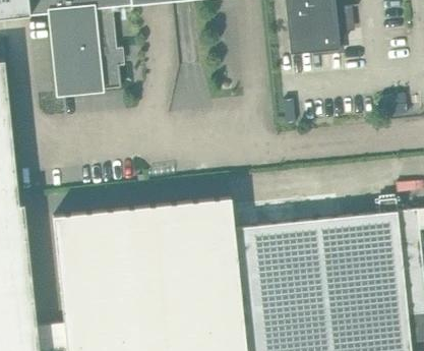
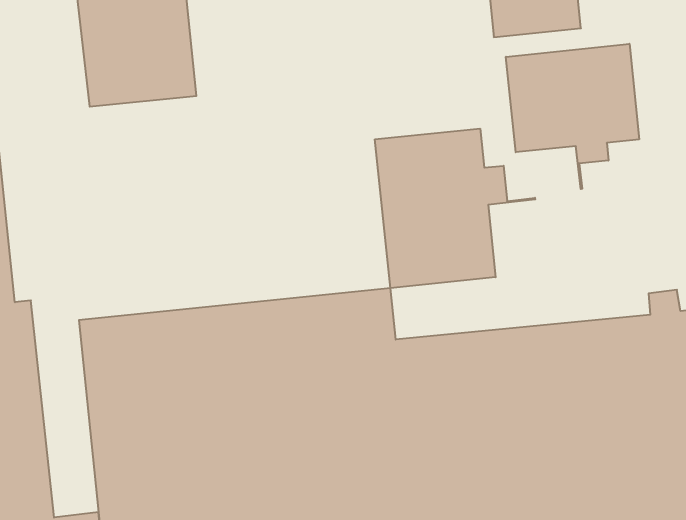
building: none -> [506,44,639,189]
building: none -> [375,129,535,288]

